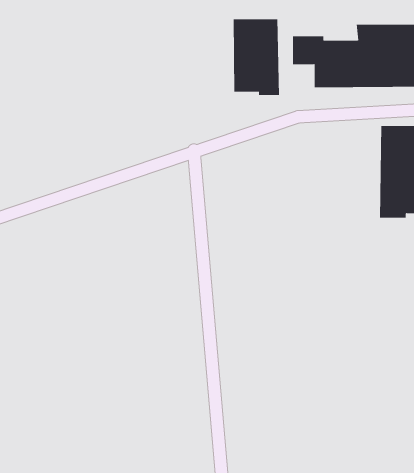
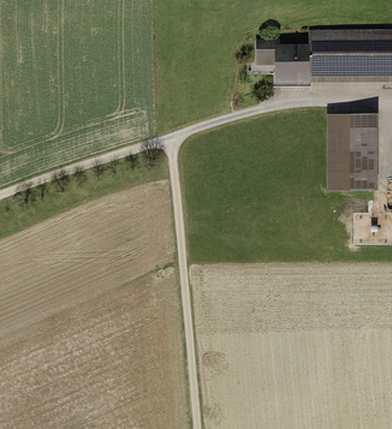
building: [233,18,280,96] -> none

